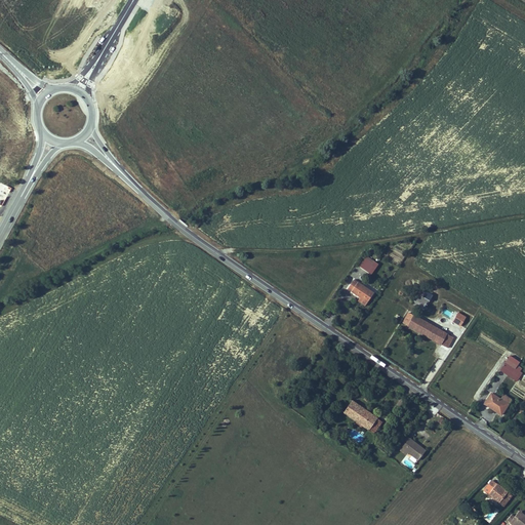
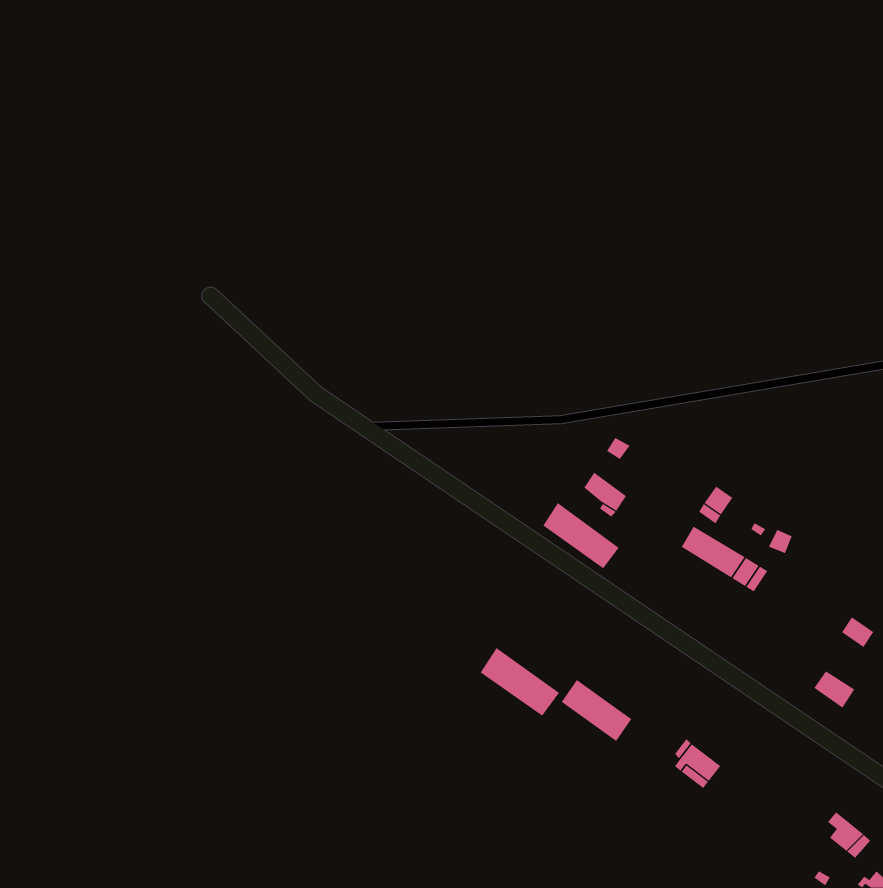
building: none -> [542,502,620,569]
building: none -> [480,647,560,716]

